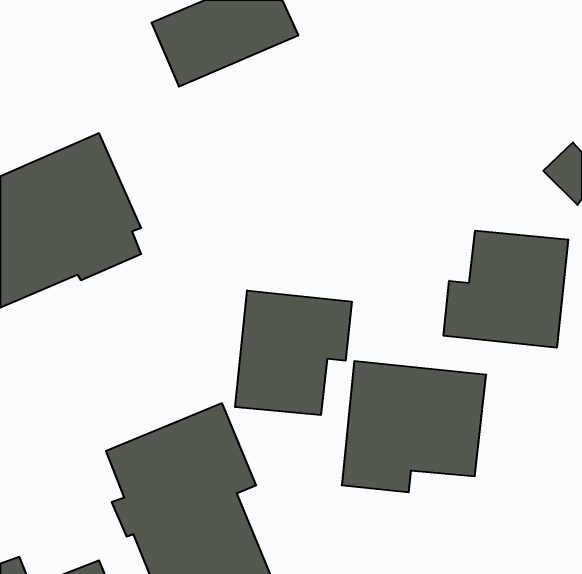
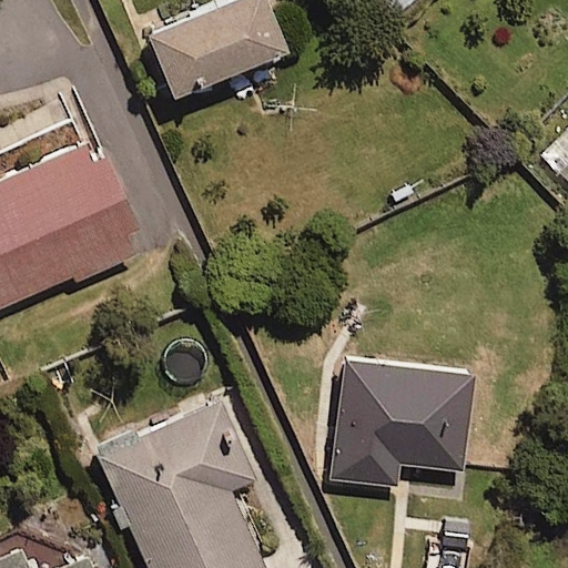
building: [443,231,568,348] -> none
building: [235,290,352,415] -> none

